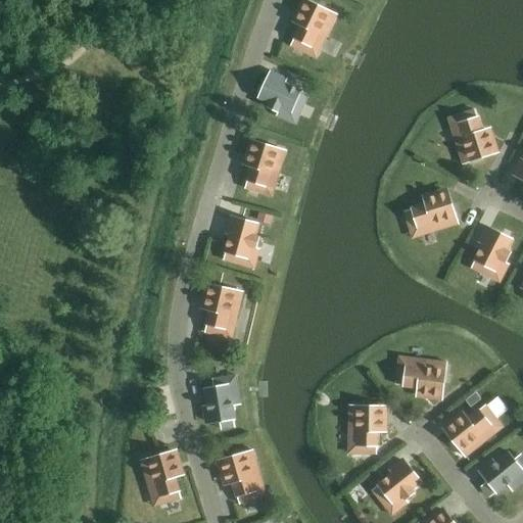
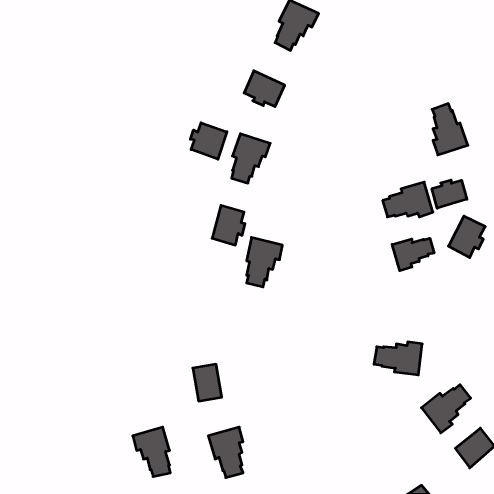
building: none -> [190,123,227,159]
building: none -> [432,180,467,208]
building: none -> [392,238,434,271]
building: [204,284,242,336] -> [247,237,282,287]
building: [348,406,381,454] -> none
building: [376,462,420,505] -> none

